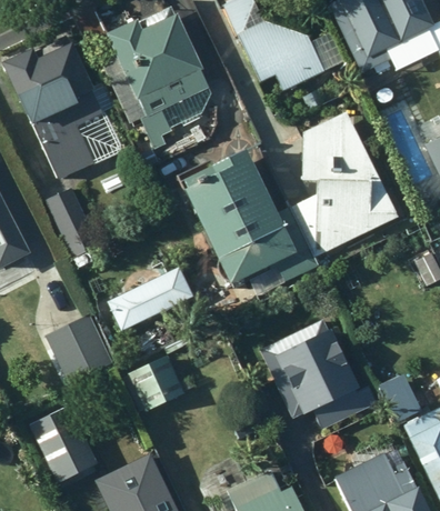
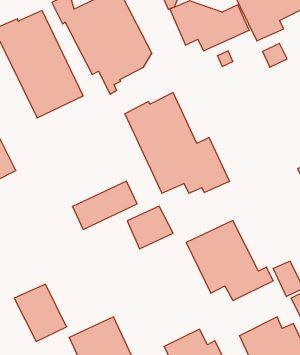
building: [293,111,398,258] -> none
building: [47,188,101,258] -> none
building: [47,314,114,385] -> none
building: [126,357,188,414] -> [127,206,173,249]

